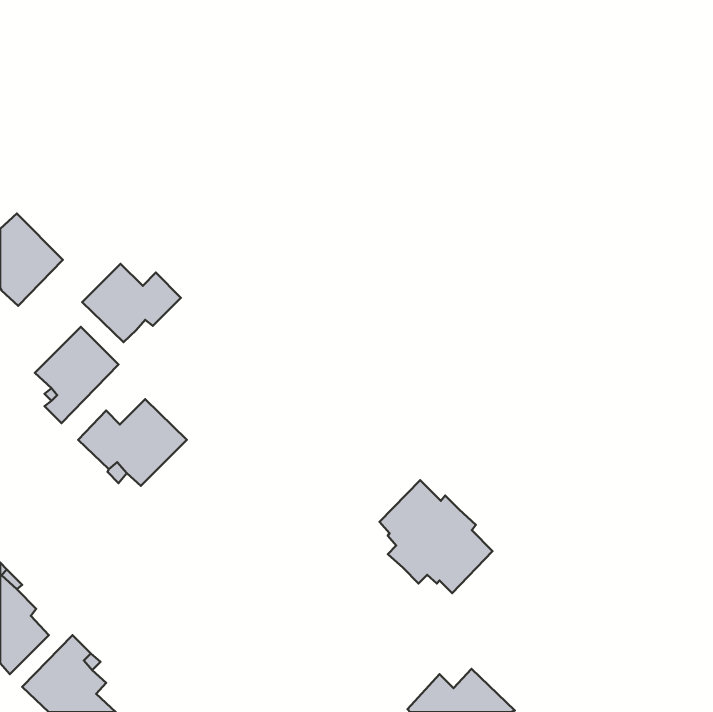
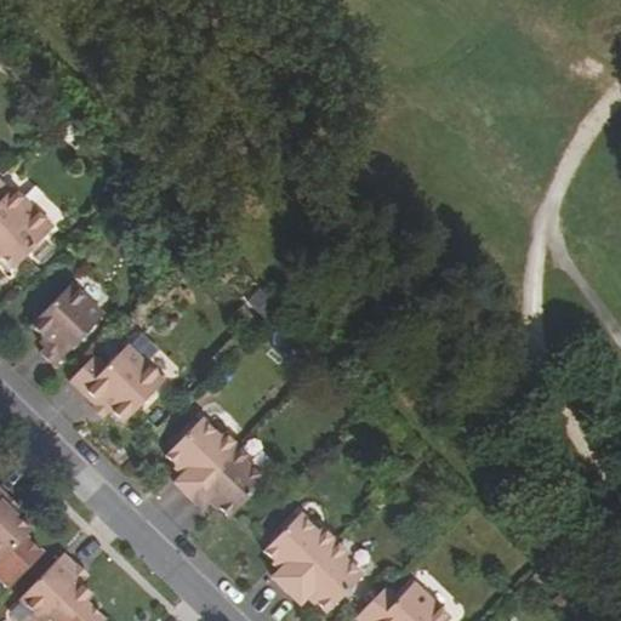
building: [82,264,181,342] -> none
building: none -> [163,416,262,514]
building: [380,480,493,593] -> [262,513,360,611]

